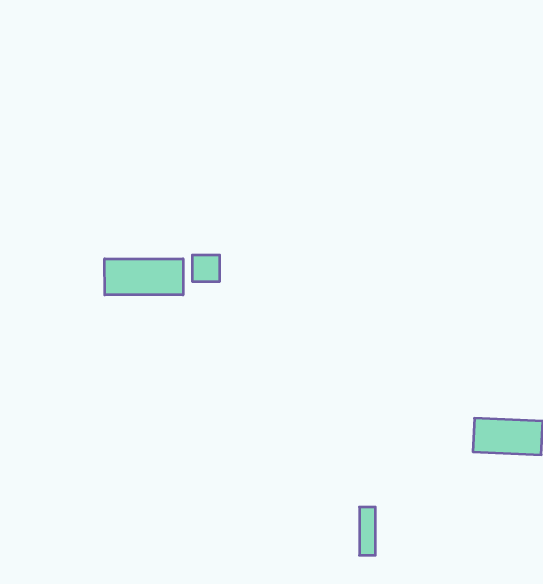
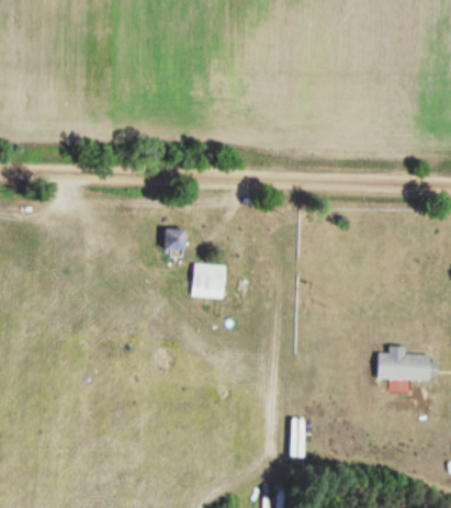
building: [105,259,183,295] -> none
building: none -> [193,264,225,297]

